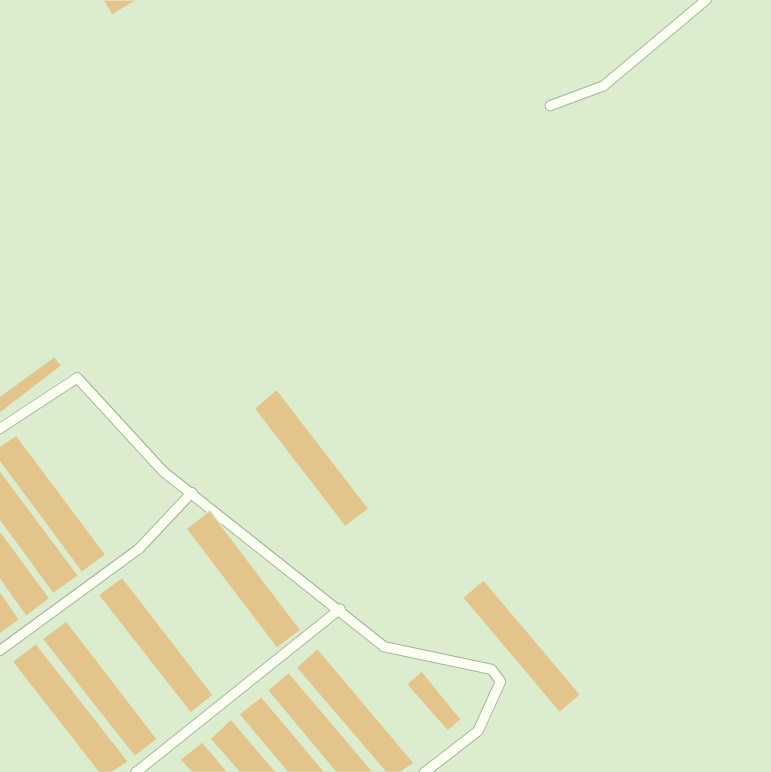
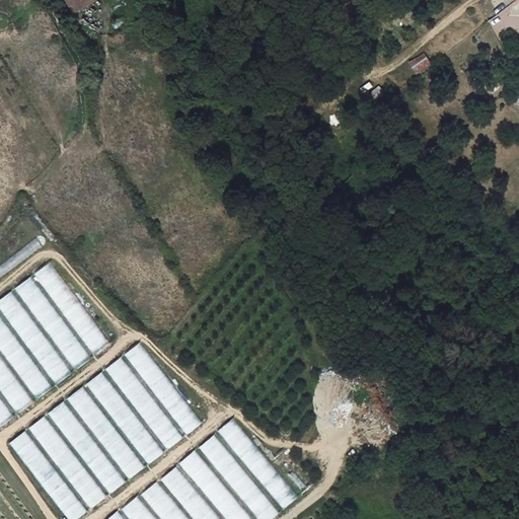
building: [254,389,369,527] -> [105,357,182,449]
building: none -> [34,262,110,355]
building: none -> [15,277,91,370]
building: none -> [85,372,162,464]
building: [463,580,581,713] -> [218,419,297,508]
building: none -> [48,401,125,494]

